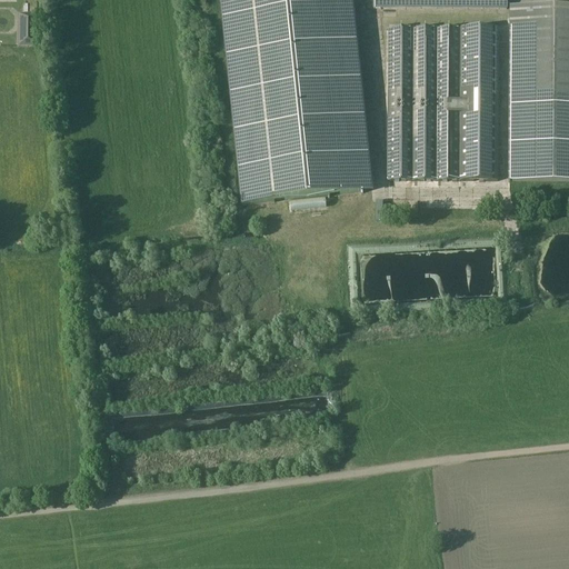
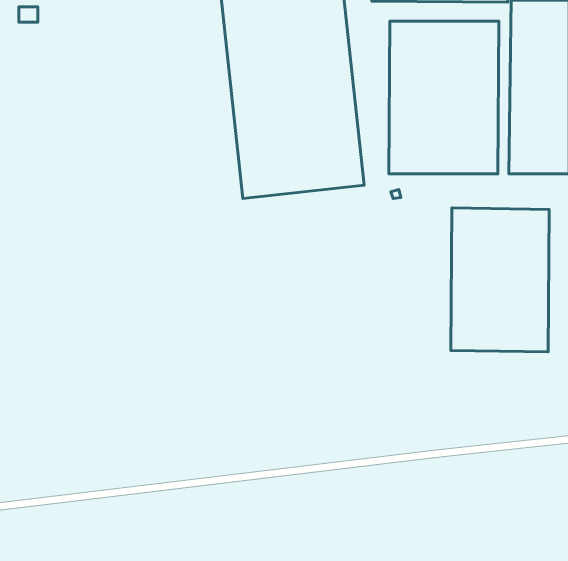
building: none -> [451,208,549,352]

